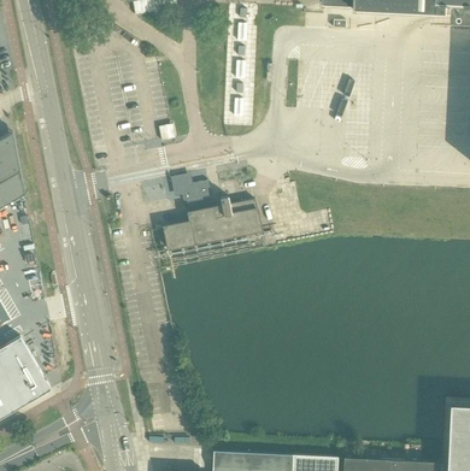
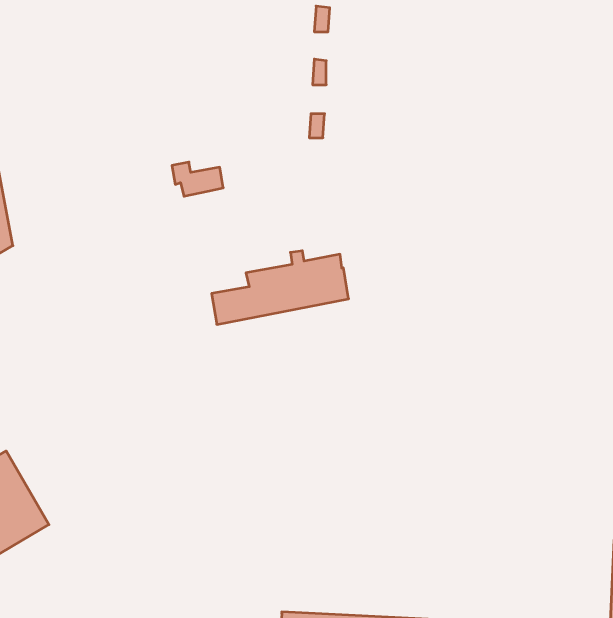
building: [175,178,211,202] -> [172,162,223,196]

